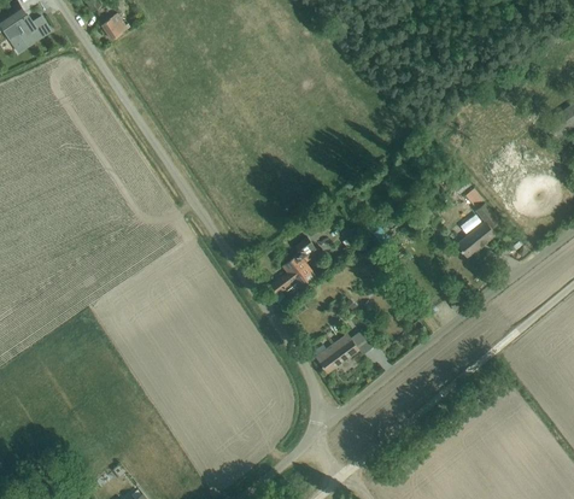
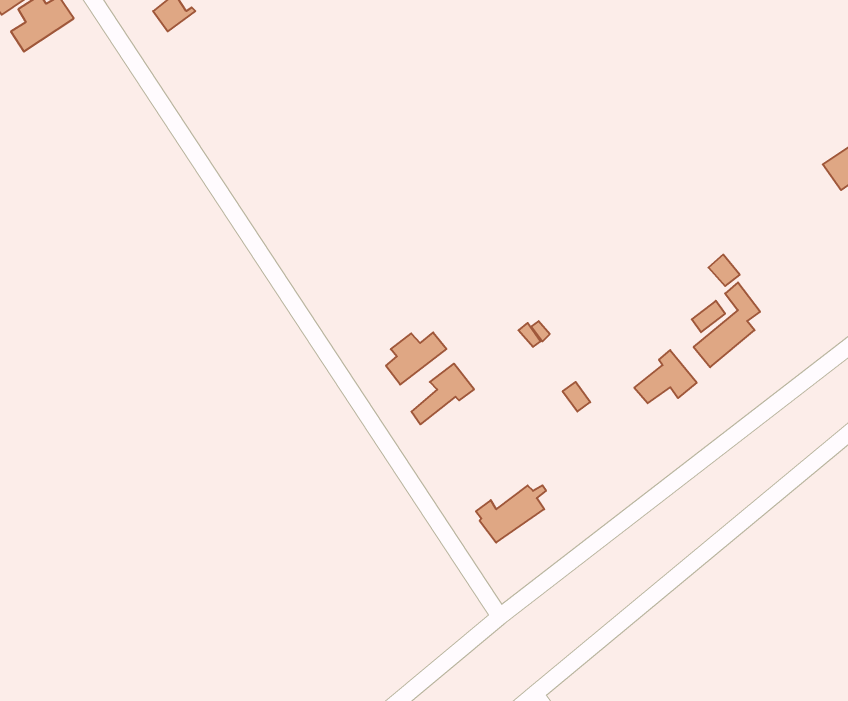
building: none -> [386,332,446,385]
building: none -> [634,350,697,403]

